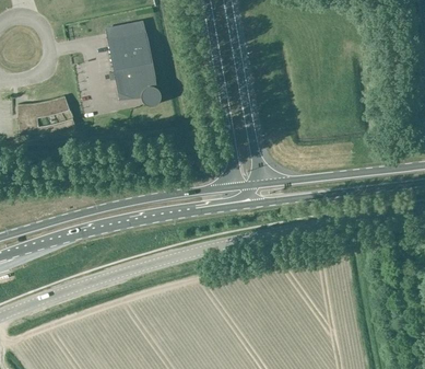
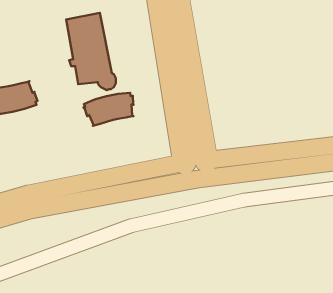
building: none -> [83,93,134,126]

